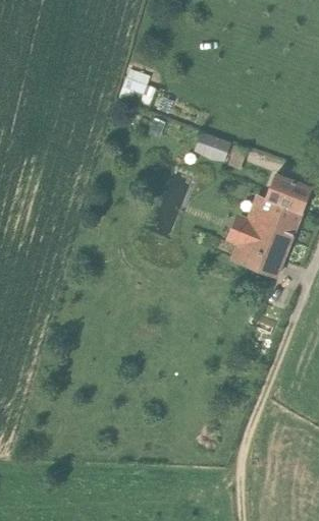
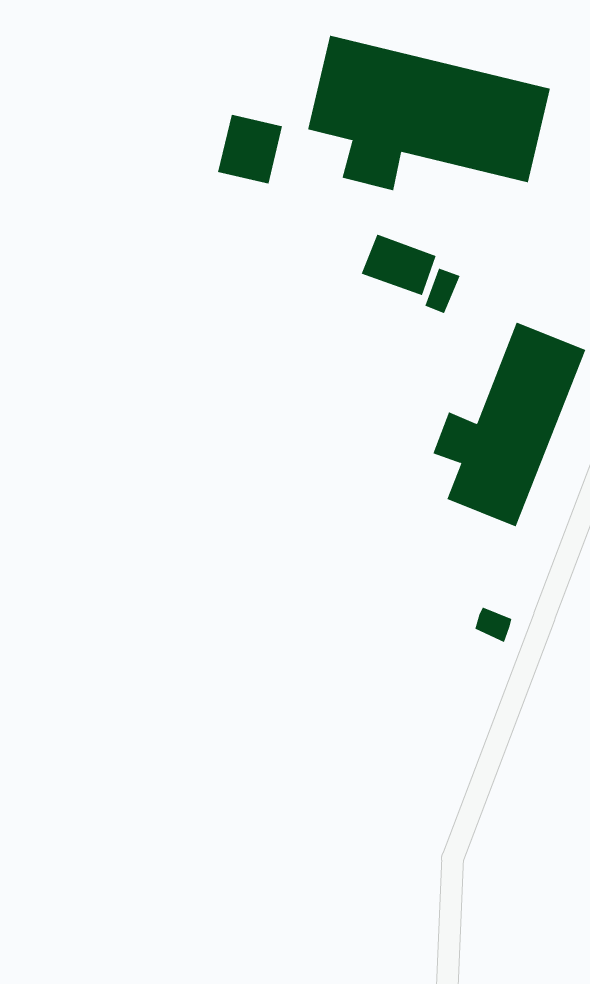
building: none -> [307,35,550,191]

